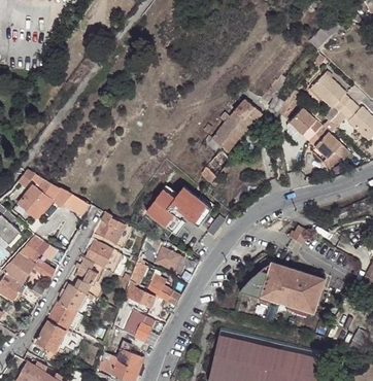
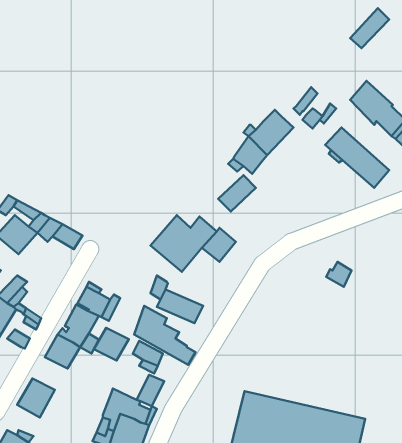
building: [93,213,123,244] -> none
building: [242,261,326,312] -> none
building: [46,303,75,330] -> [94,328,129,361]

